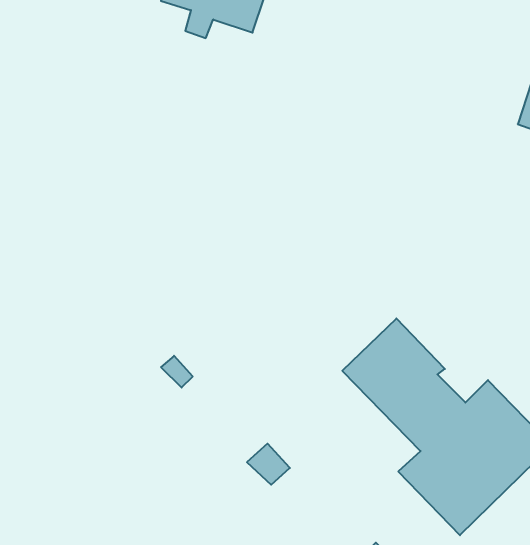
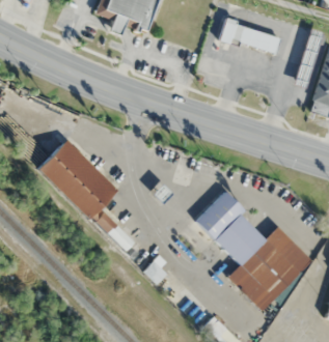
building: none -> [220,22,281,54]
building: none -> [37,138,117,219]

